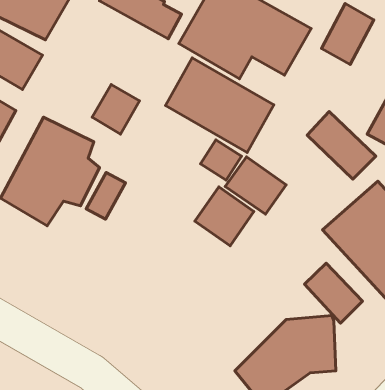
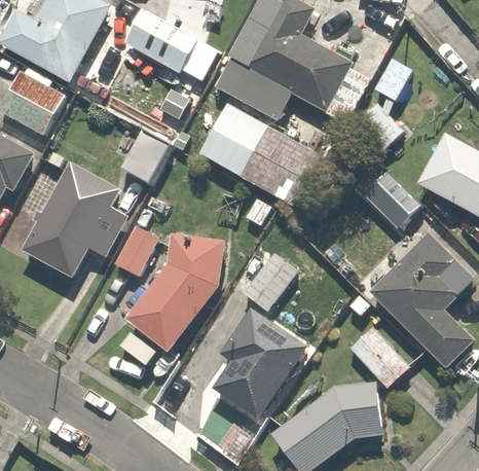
building: [225,157,286,214] -> none
building: none -> [125,236,225,353]
building: none -> [215,306,310,420]

